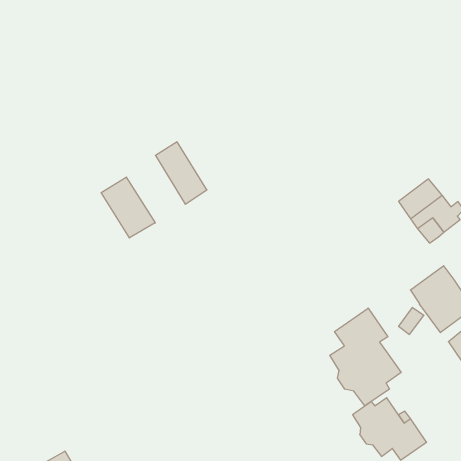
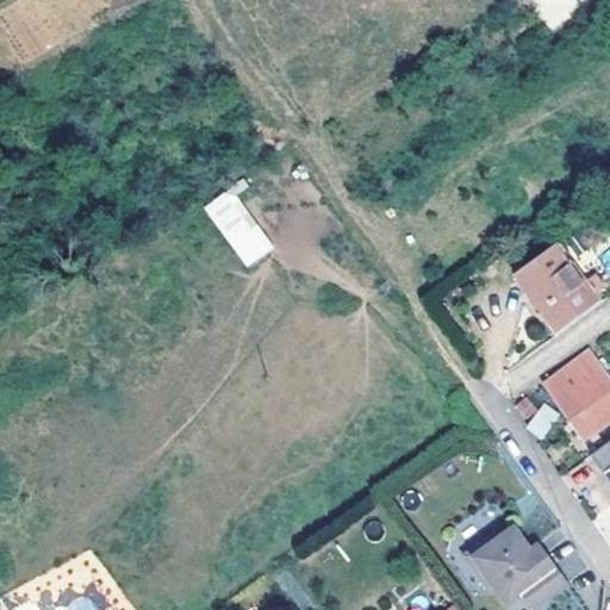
building: [101,177,155,238] -> none
building: [330,308,401,406] -> none

